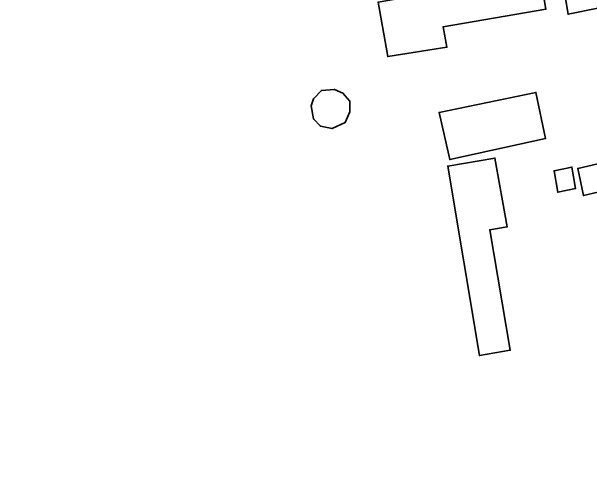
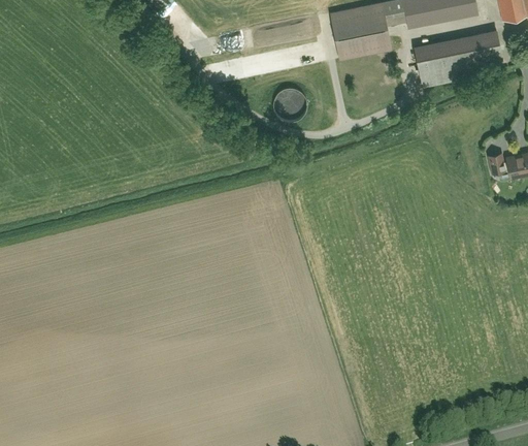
building: [439,92,545,160] -> [415,28,507,87]
building: [448,158,510,355] -> none

